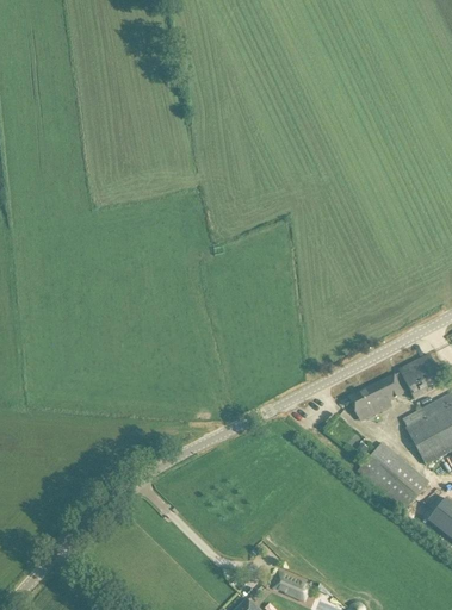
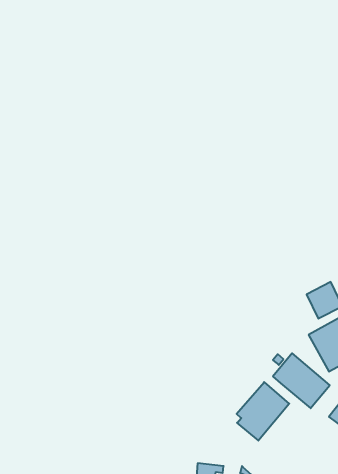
building: [347,373,402,413] -> none
building: none -> [237,382,289,441]

